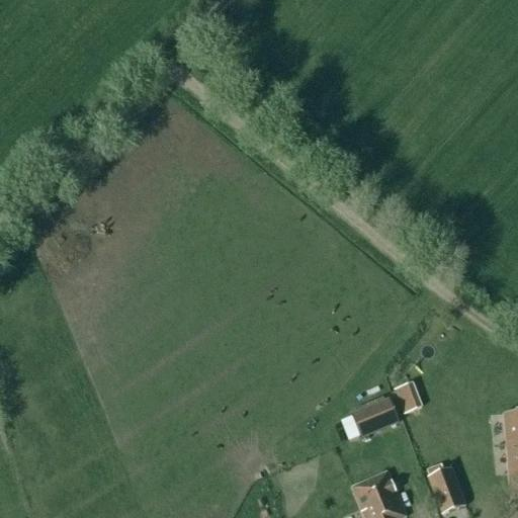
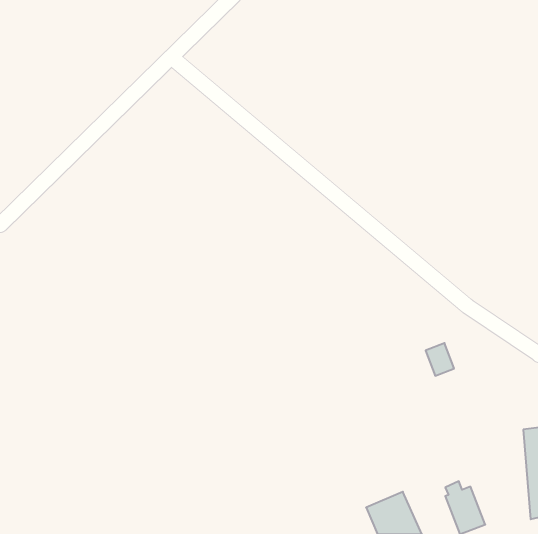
building: [396,380,423,412] -> [426,343,454,376]
building: [353,399,400,437] -> none

